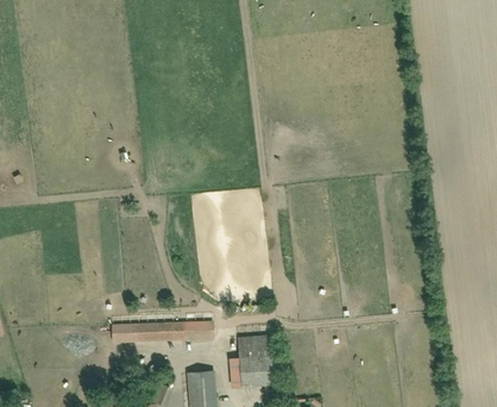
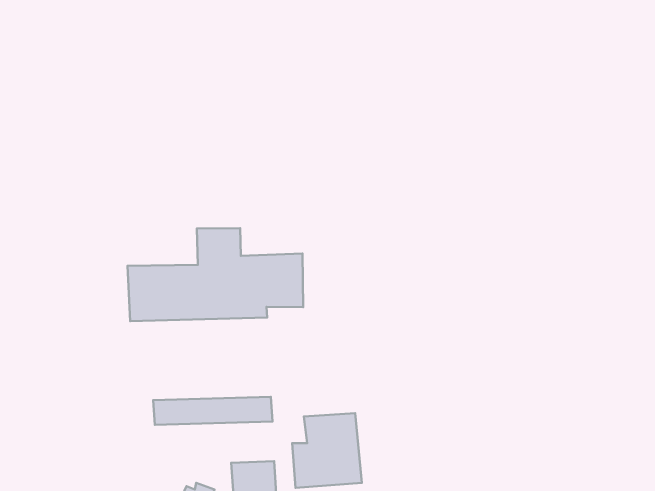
building: none -> [127,228,303,321]

